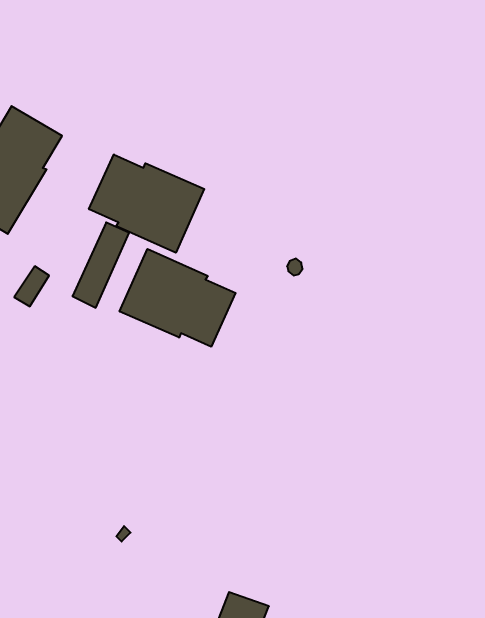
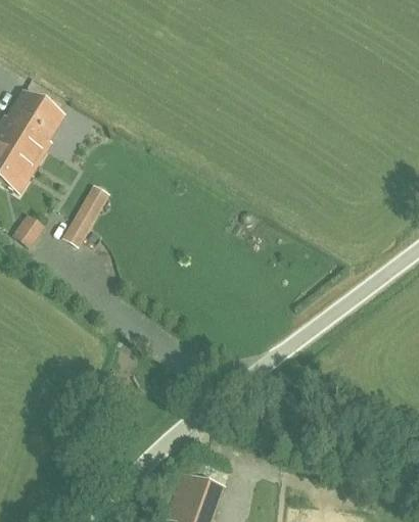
building: [89,154,204,253] -> none
building: [120,249,236,347] -> none

